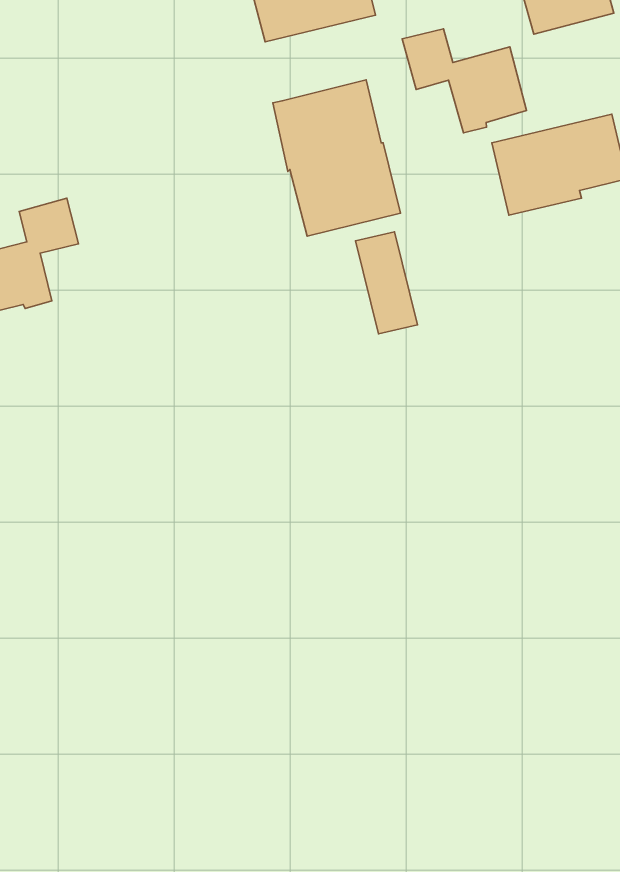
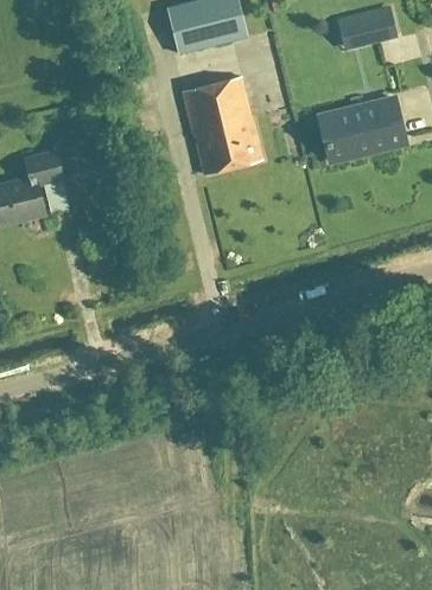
building: [402,29,526,133] -> none
building: [356,232,417,334] -> none

